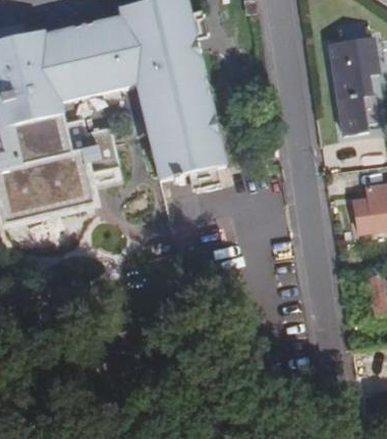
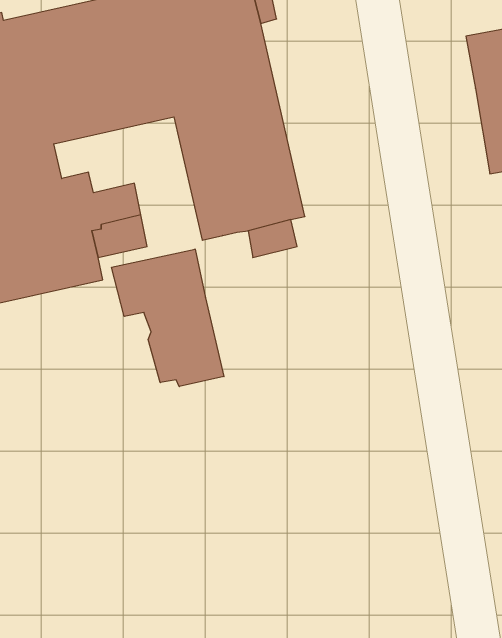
building: none -> [112,249,224,387]

